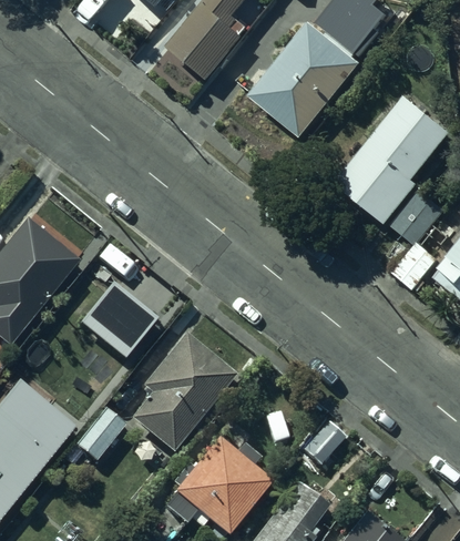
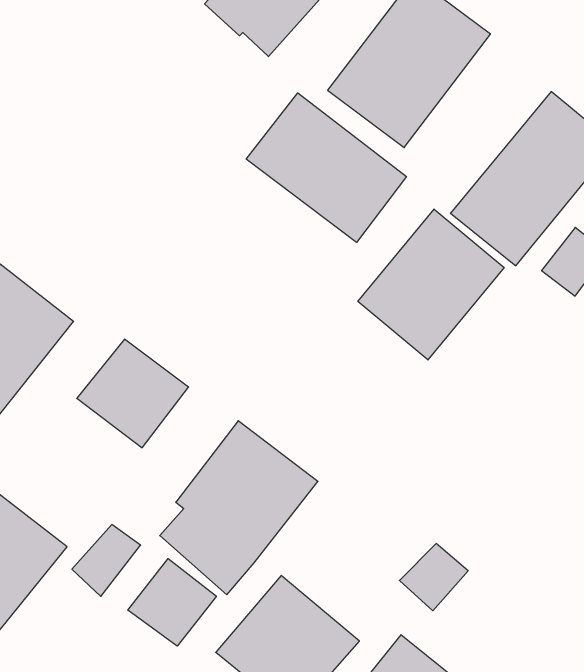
building: none -> [246,93,406,242]
building: none -> [358,209,504,360]
building: none -> [128,559,216,646]

